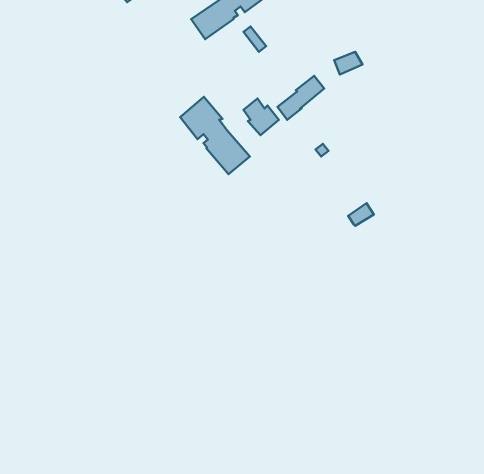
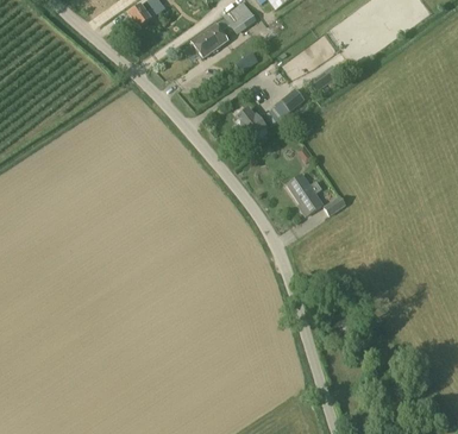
building: [180,97,250,174] -> none
building: none -> [287,174,322,213]

